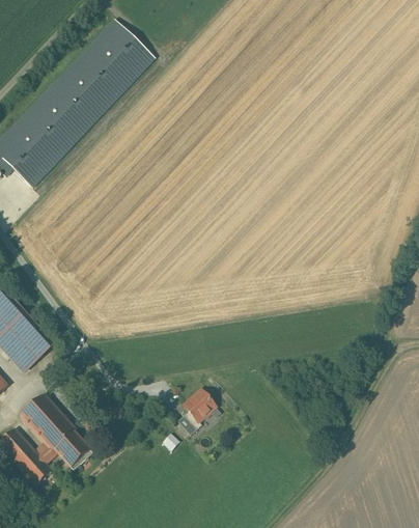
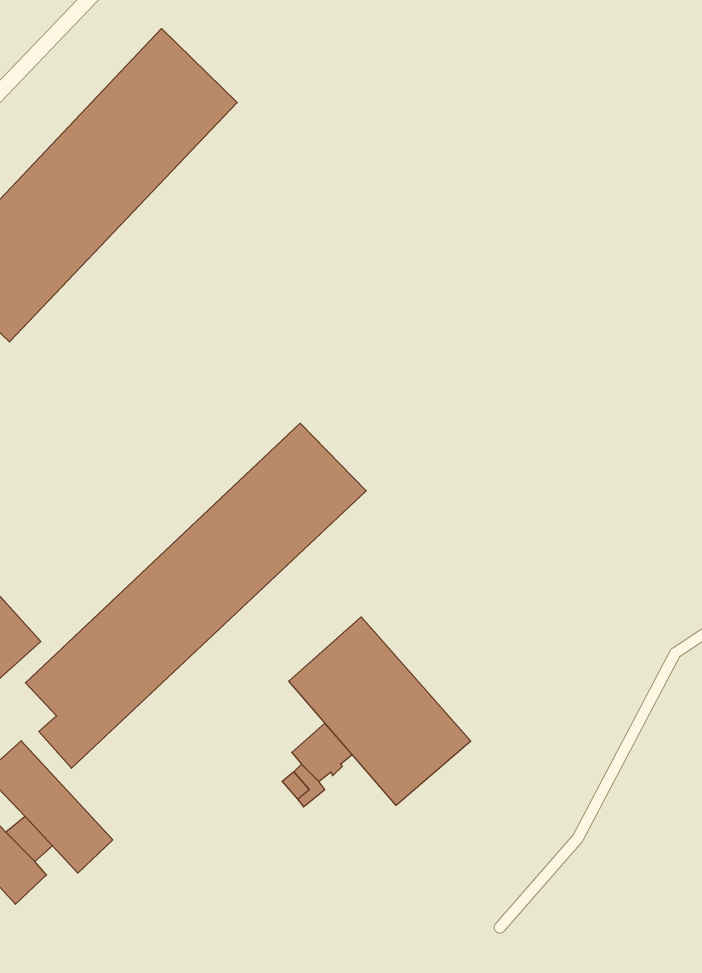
building: none -> [25,423,366,768]
building: none -> [289,617,471,805]

